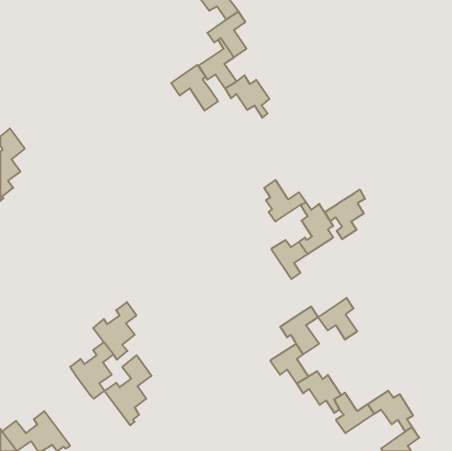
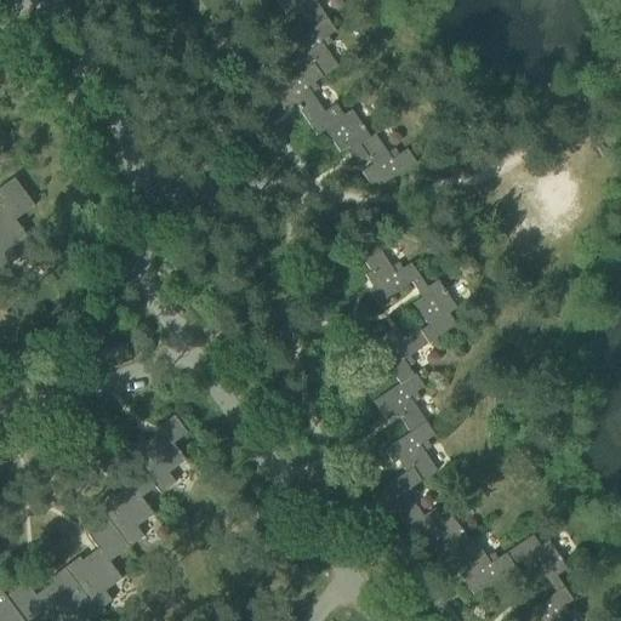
building: [171,65,218,111] -> none
building: none -> [359,133,416,189]
building: [325,190,365,239] -> none
building: [318,298,357,339] -> [374,374,427,431]
building: [105,355,152,425] -> [62,514,126,610]

